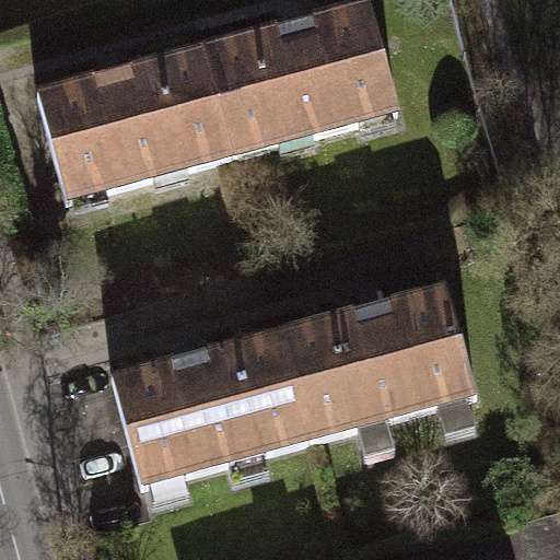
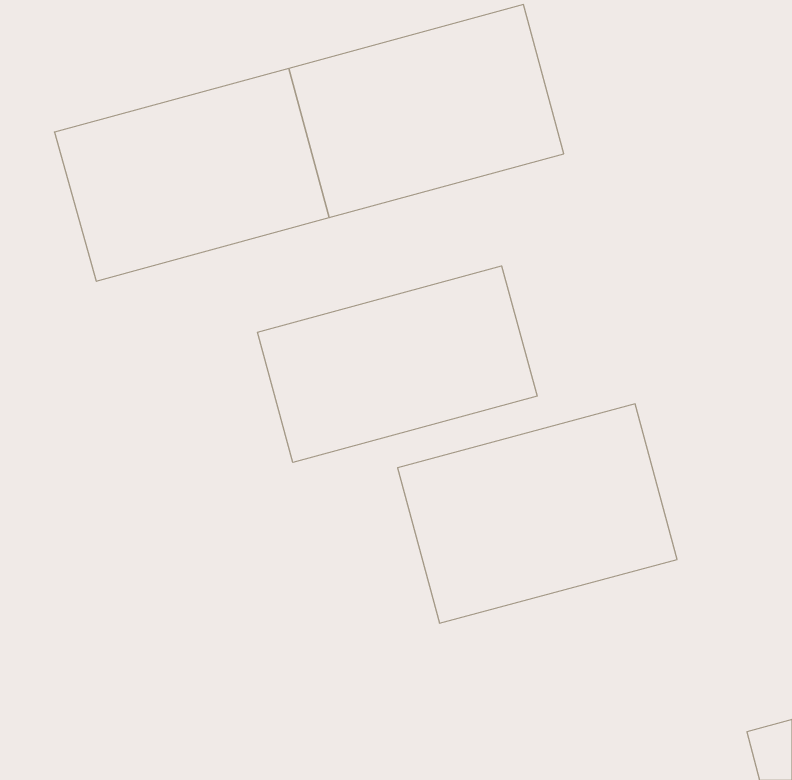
building: none -> [258,266,537,462]
building: [112,329,310,485] -> none

